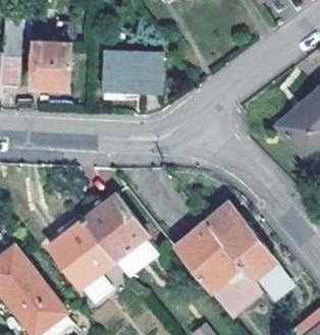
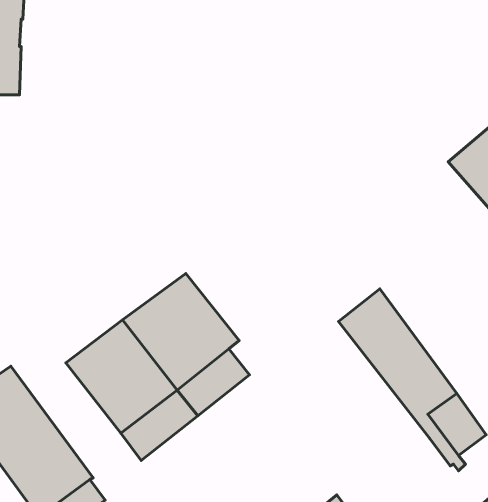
building: [36,43,73,88] -> none
building: [102,52,160,108] -> none
building: [177,219,263,313] -> none

